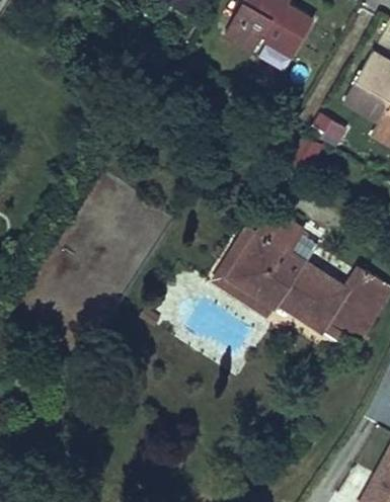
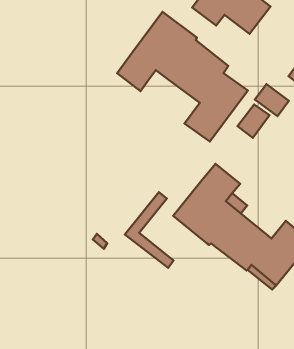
building: none -> [117,12,248,141]
building: [214,228,274,314] -> [125,192,174,268]

